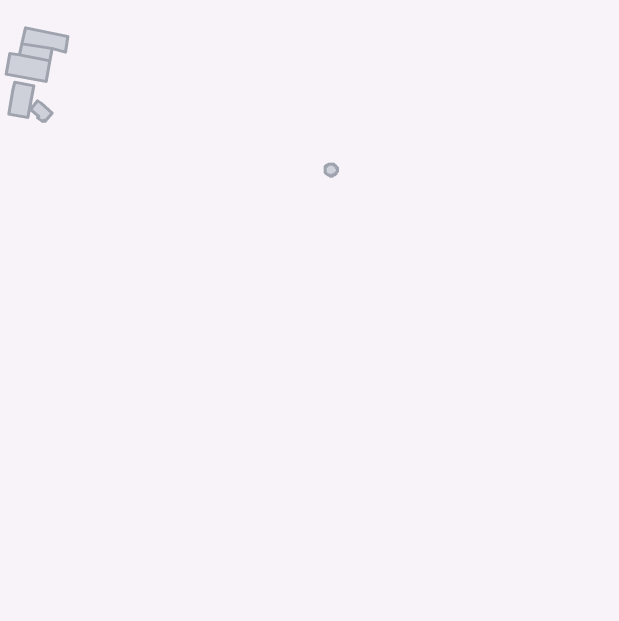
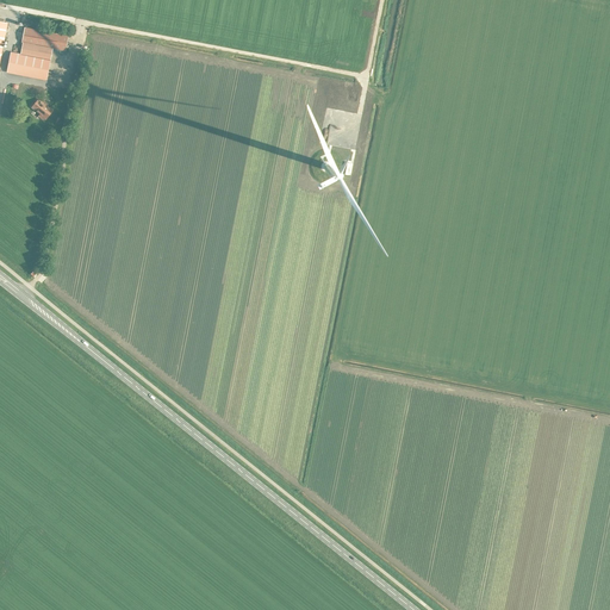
building: [9,82,34,118] -> none

